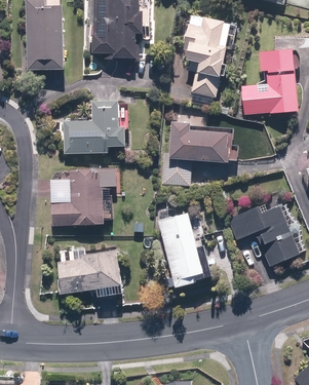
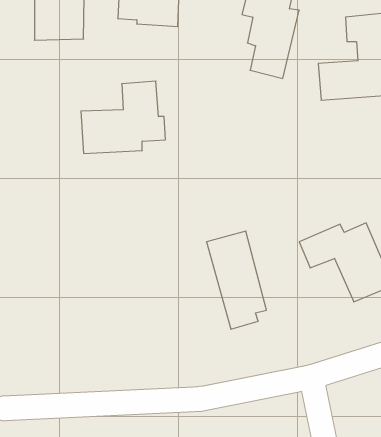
building: [160,122,232,187] -> none
building: [49,167,117,226] -> none
building: [59,249,123,295] -> none

